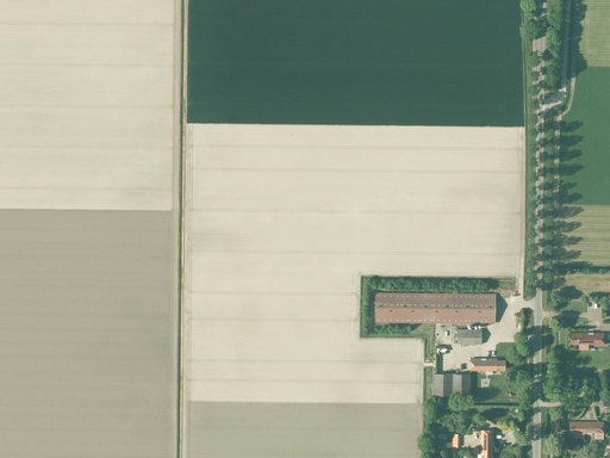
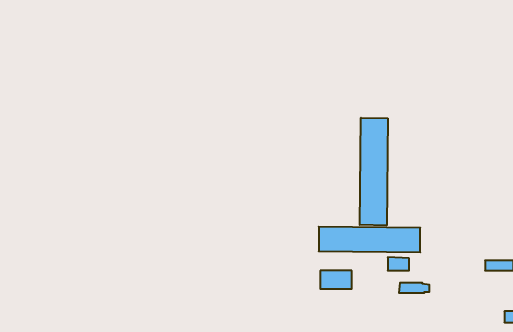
building: none -> [360,118,388,225]
building: [432,375,469,396] -> [320,271,352,289]

